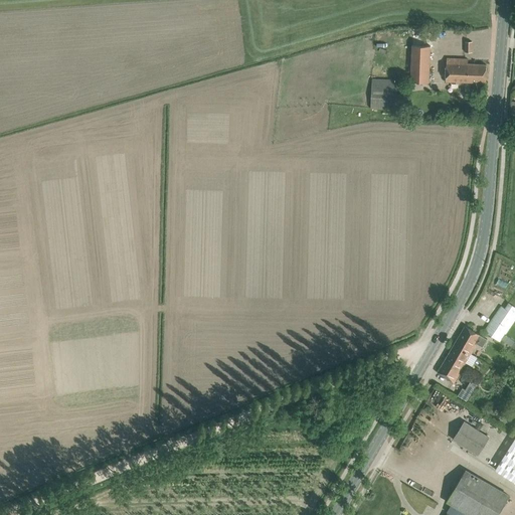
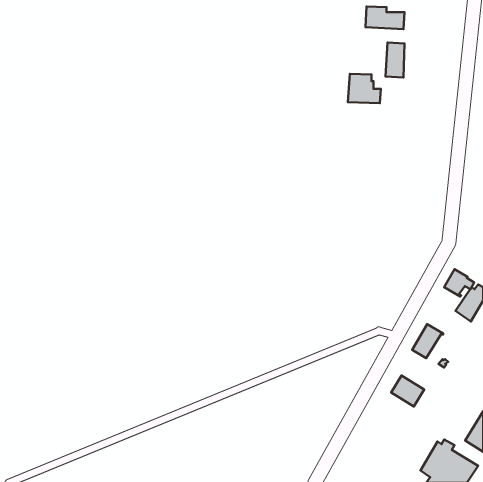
building: [446,59,487,83] -> [366,6,404,29]
building: [455,327,487,356] -> [444,269,474,297]
building: [454,422,489,456] -> [391,375,424,407]

